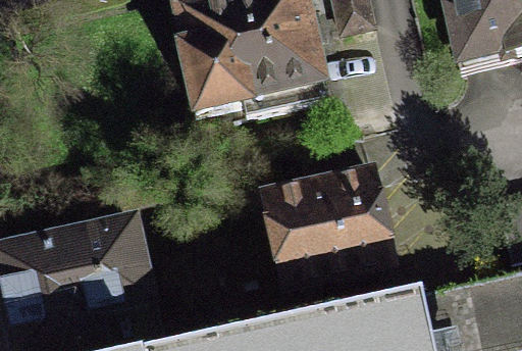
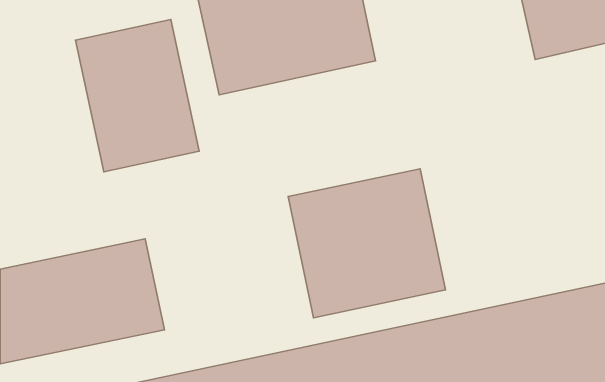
building: none -> [76,19,199,172]

